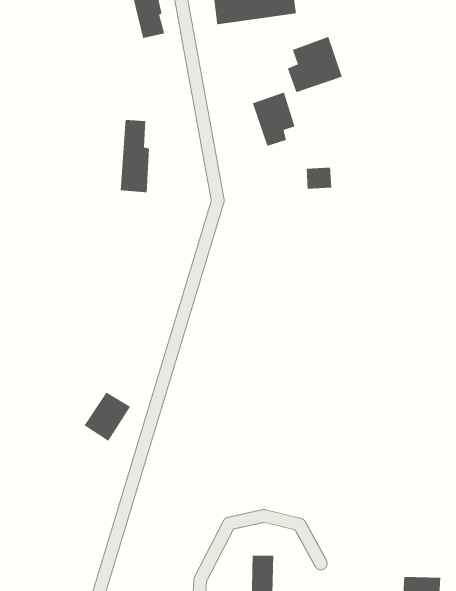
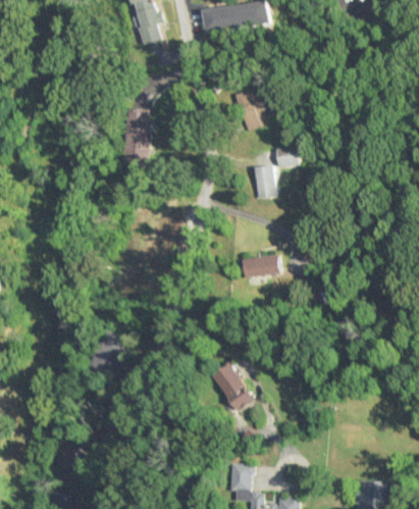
building: [287,36,343,93] -> none
building: none -> [255,165,275,198]
building: none -> [242,255,279,278]
building: none -> [211,362,251,412]

